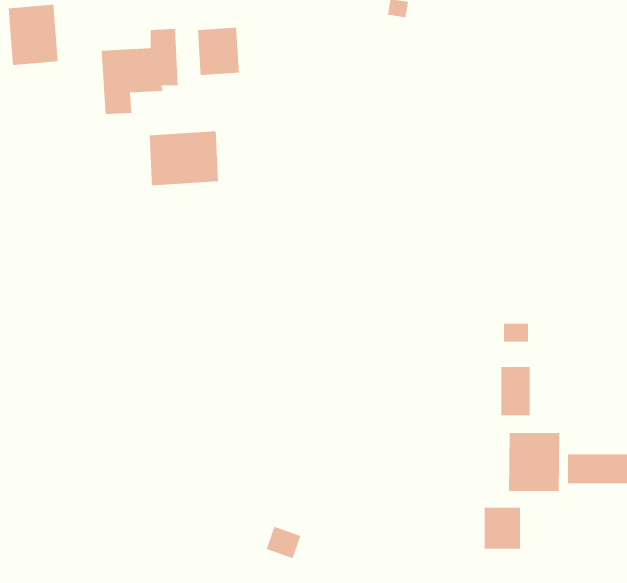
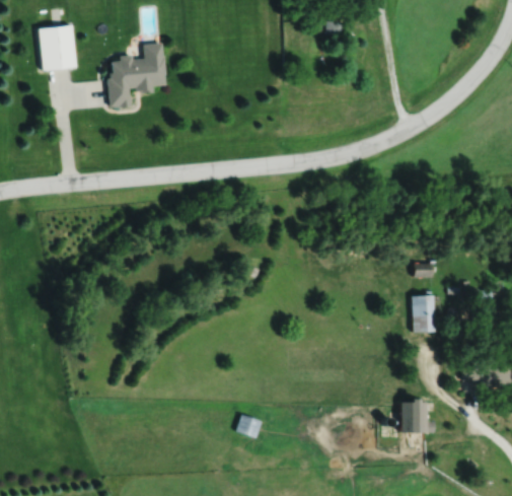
building: [197,27,239,76] -> none
building: [149,130,219,186] -> none
building: [509,432,560,492] -> none

